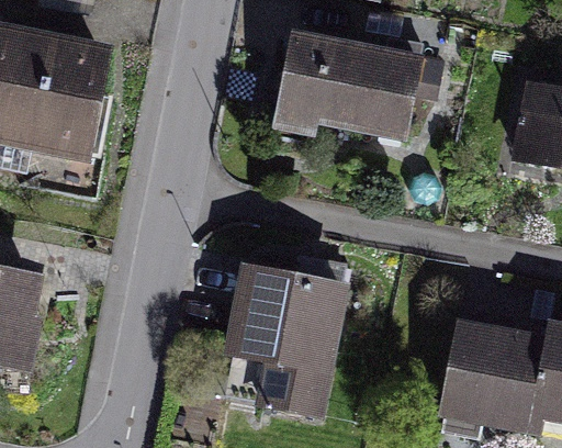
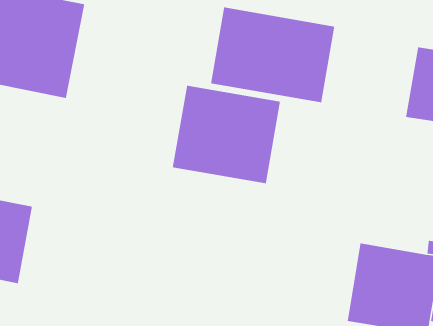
building: none -> [172,85,281,184]
building: [223,264,348,421] -> none

